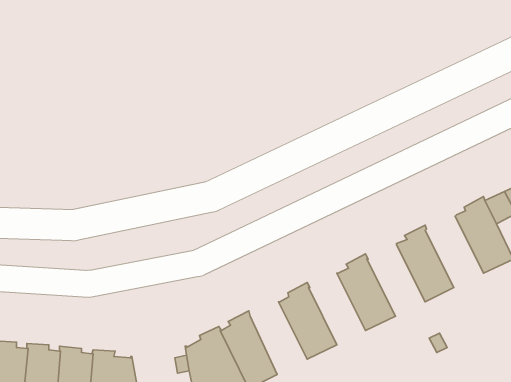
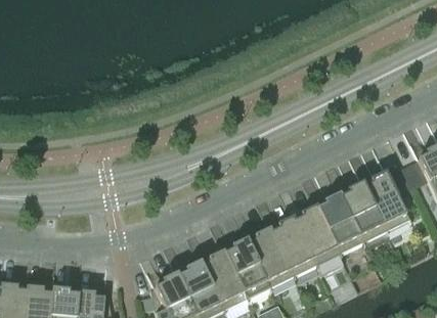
building: none -> [339,182,385,242]
building: none -> [293,205,343,274]
building: none -> [247,227,292,287]
building: none -> [201,249,246,311]

